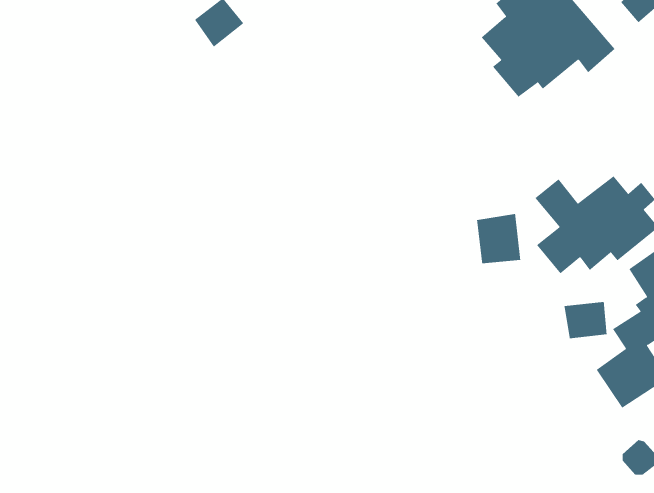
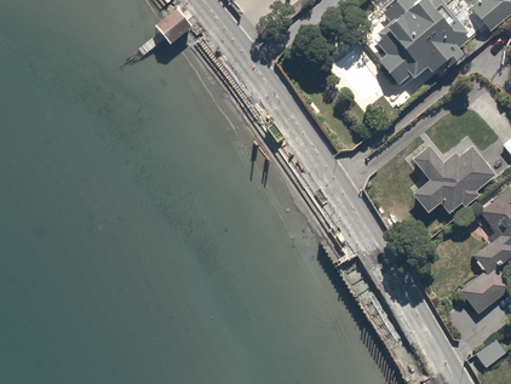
building: [476,213,521,264] -> none
building: [564,301,607,339] -> none

